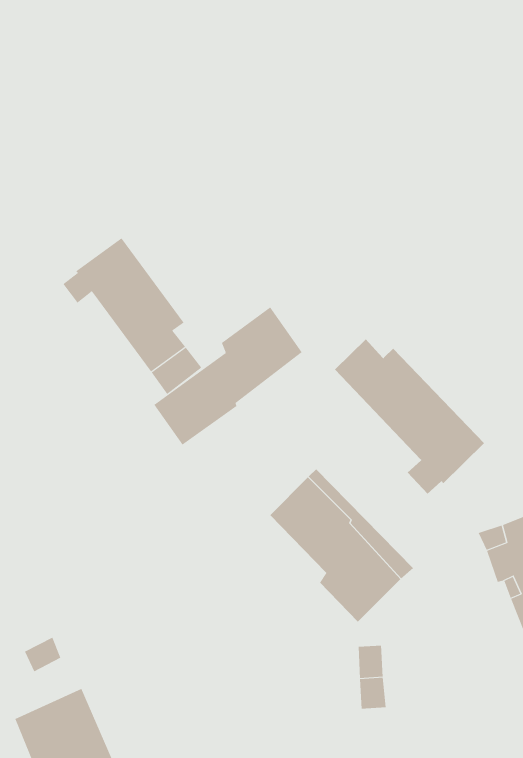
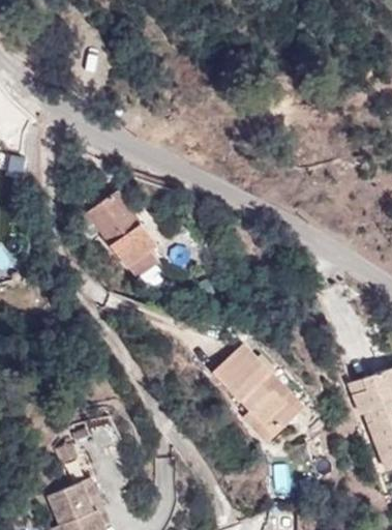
building: [154,306,302,446] -> none
building: [334,338,485,494] -> none

